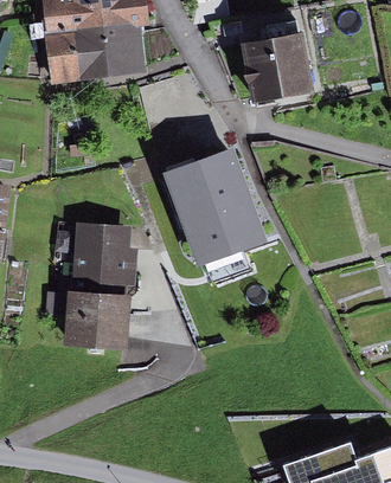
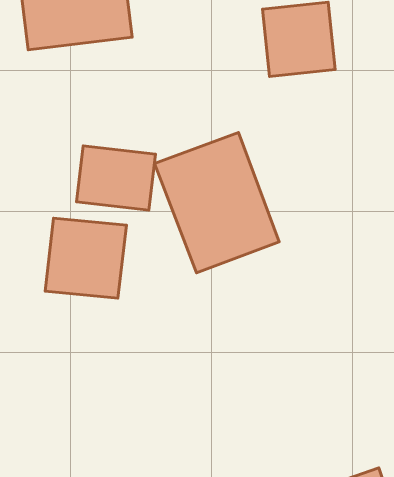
building: none -> [77,146,156,210]
building: [63,283,130,350] -> none

